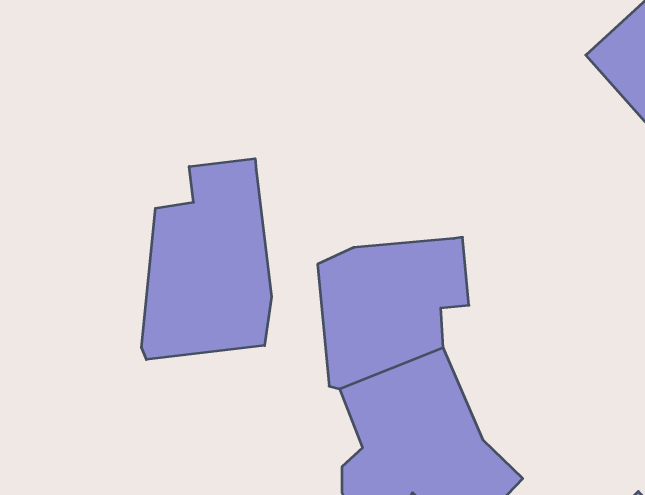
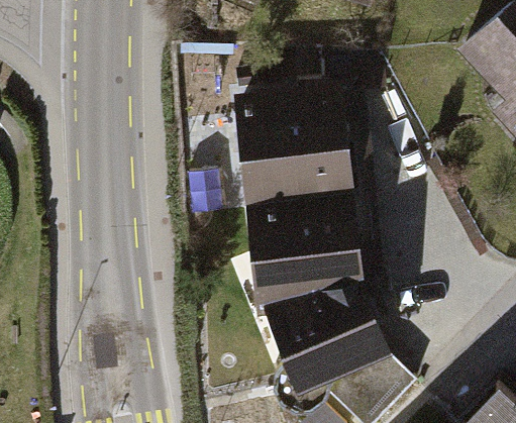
building: none -> [240,95,358,212]
building: [142,159,272,360] -> none

